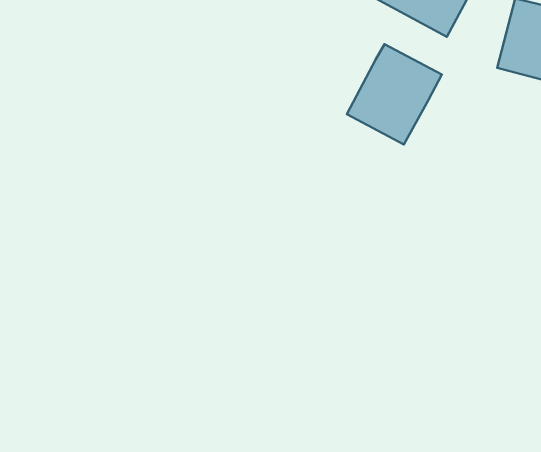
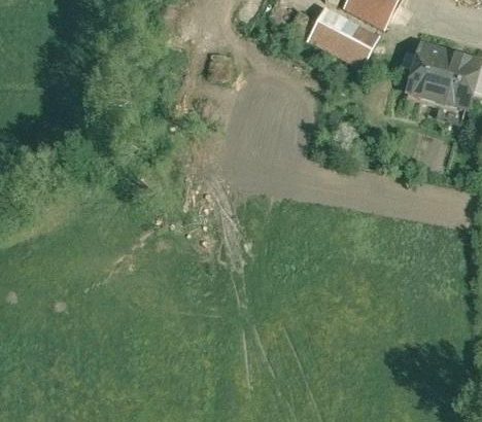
building: [347,44,442,145] -> none

